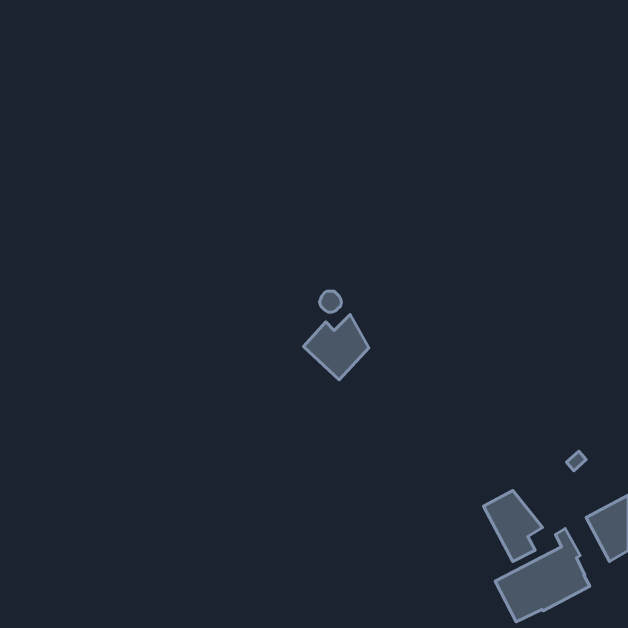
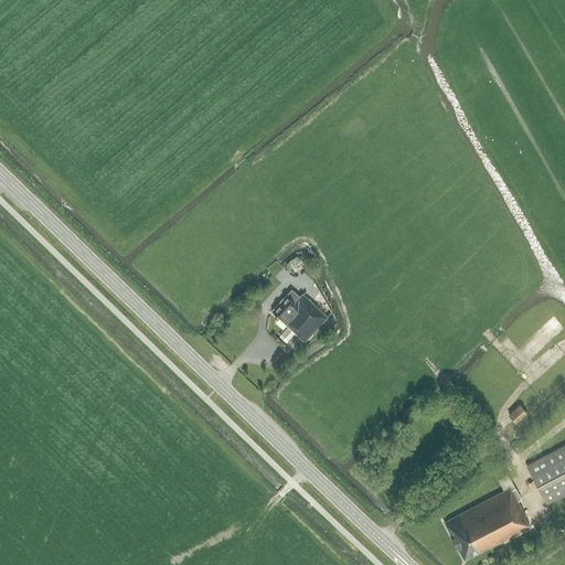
building: [483,491,542,561] -> none

